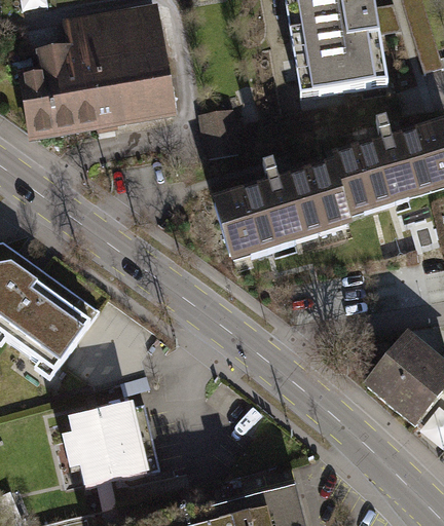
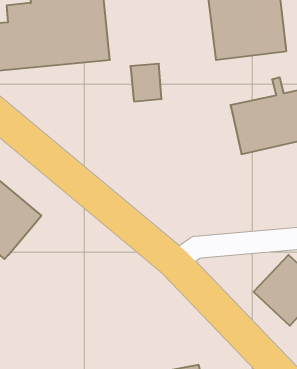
building: [213,163,344,261] -> none
building: [67,404,159,491] -> none

